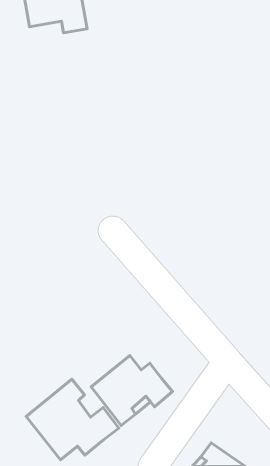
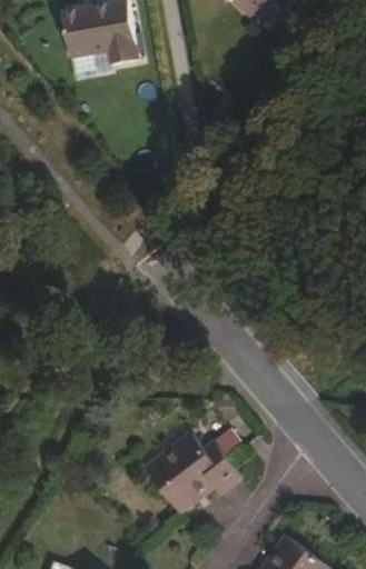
building: [26,379,119,460] -> none

